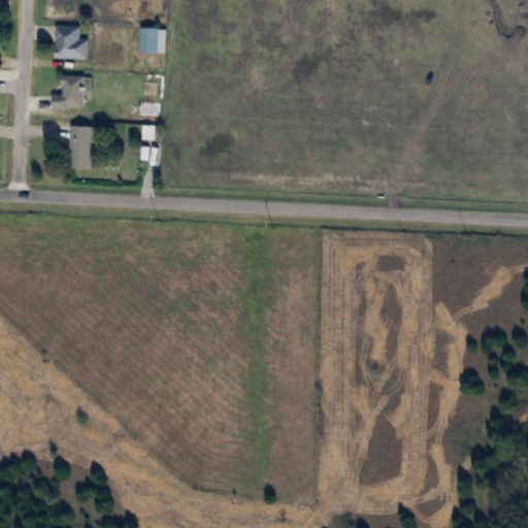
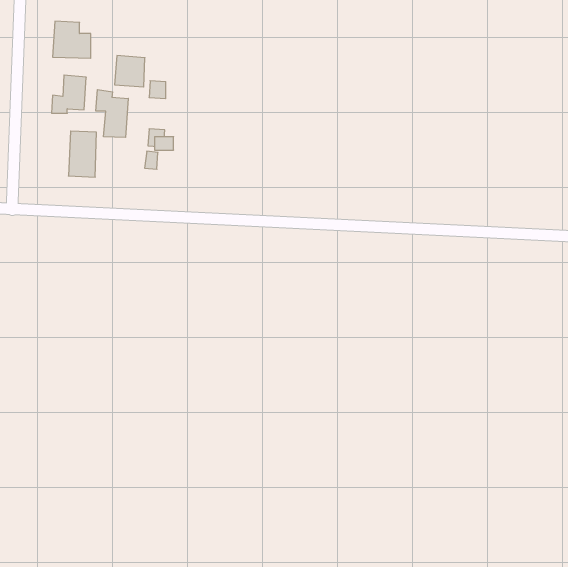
building: [139,25,167,54] -> [115,56,145,87]
building: none -> [96,90,128,137]

